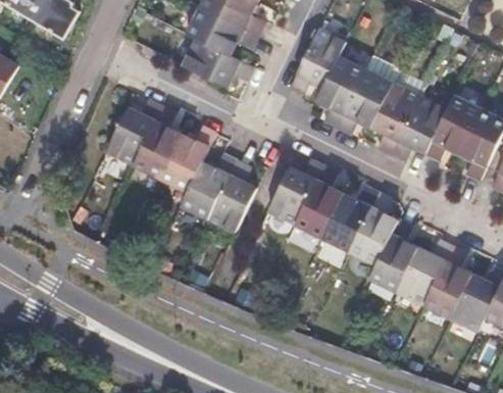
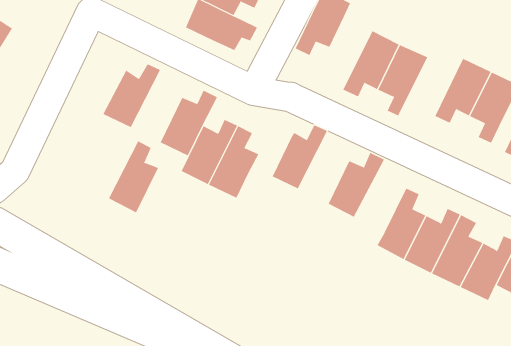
building: [316,56,364,127] -> none
building: [390,95,446,159] -> none
building: [132,107,181,178] -> [108,140,159,213]
building: [293,166,342,237] -> none
building: [347,194,397,264] -> none

